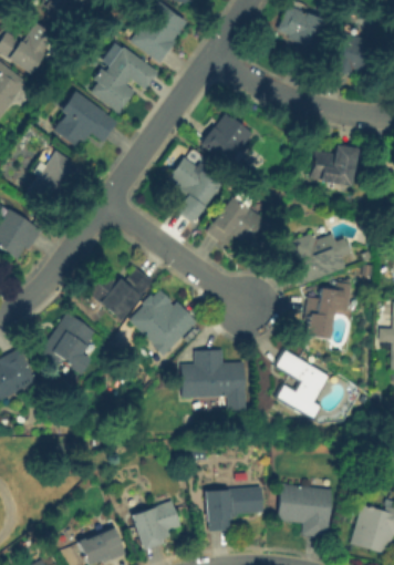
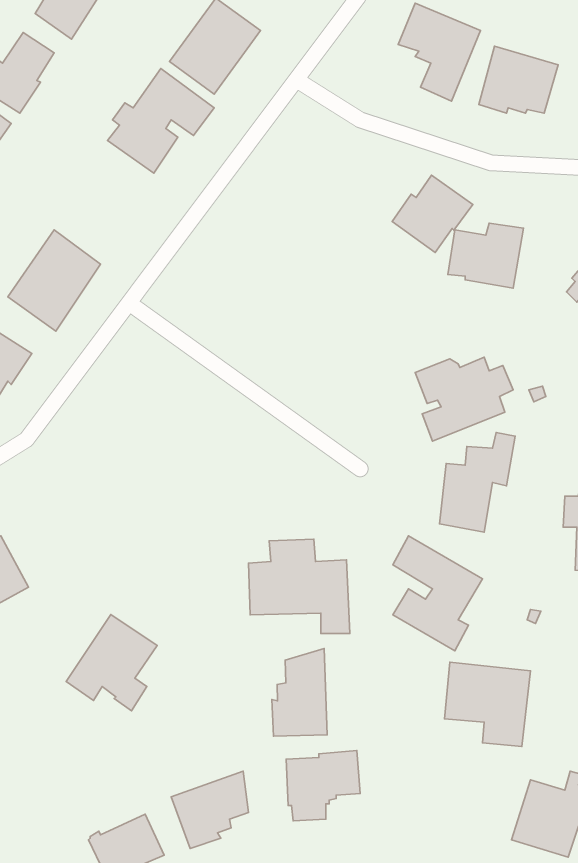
building: [53,90,118,146] -> none
building: [200,114,252,164] -> [392,175,473,252]
building: [167,156,221,223] -> none
building: [205,196,268,247] -> none
building: [87,267,154,320] -> none
building: [129,296,197,355] -> none
building: [39,312,97,374] -> [66,614,157,711]
building: none -> [272,649,327,736]
building: [277,483,332,537] -> [445,662,531,746]

